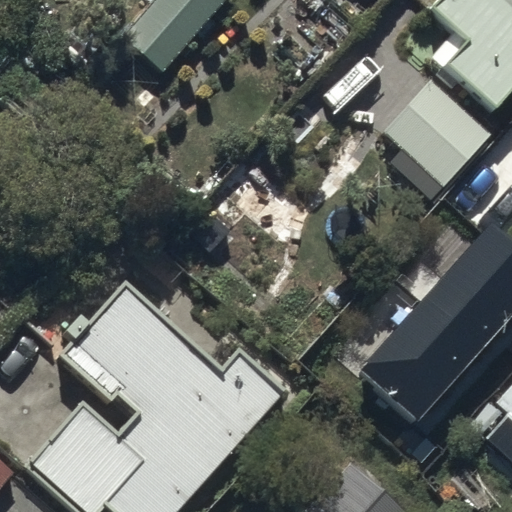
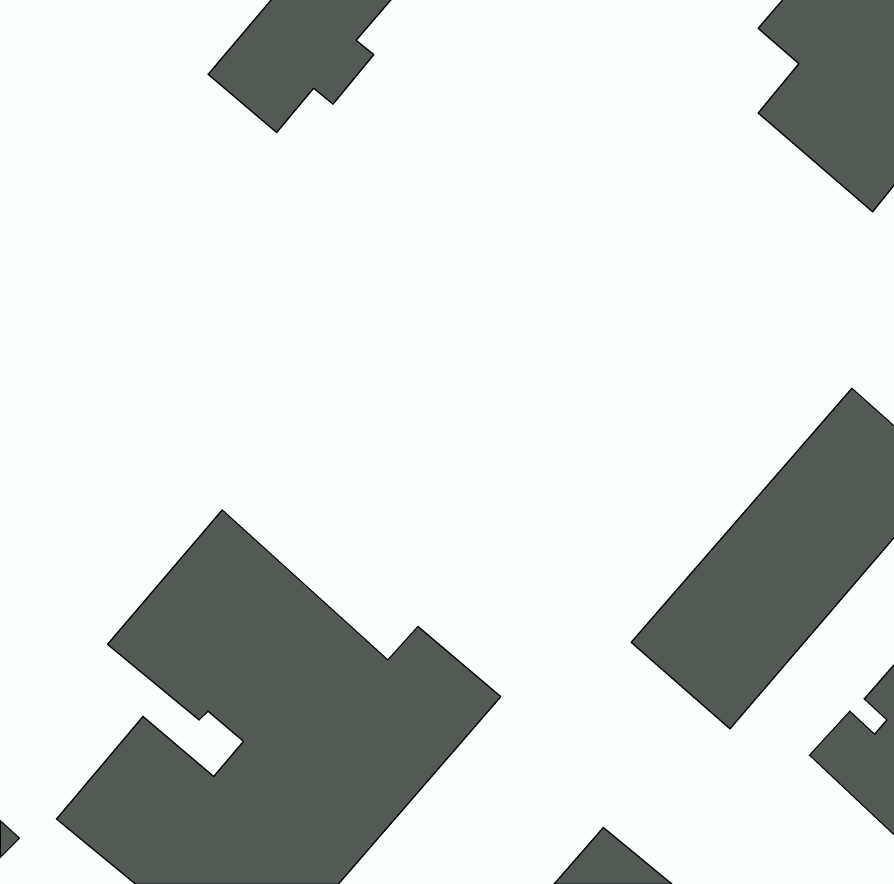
building: [384,81,491,187] -> none

